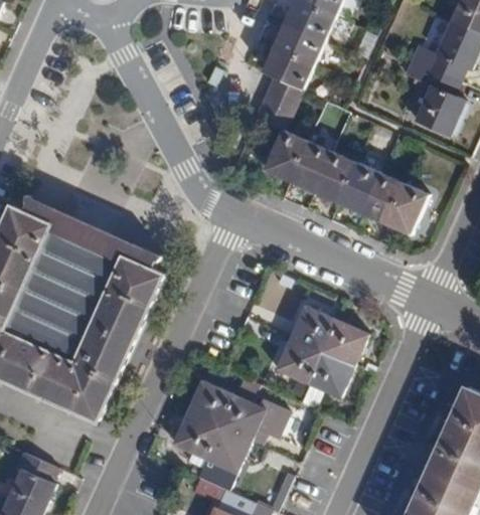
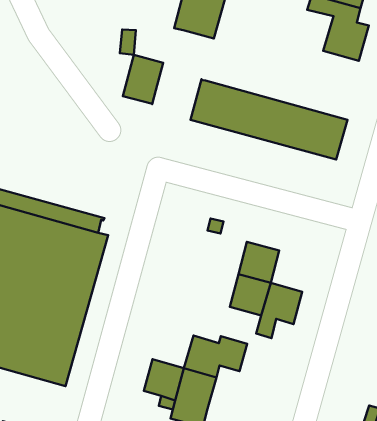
building: [255,75,302,130] -> [123,55,163,104]
building: [322,319,368,365] -> none
building: [187,379,233,425] -> none

